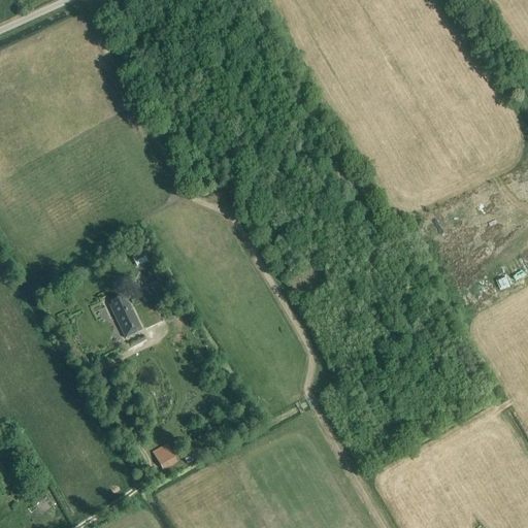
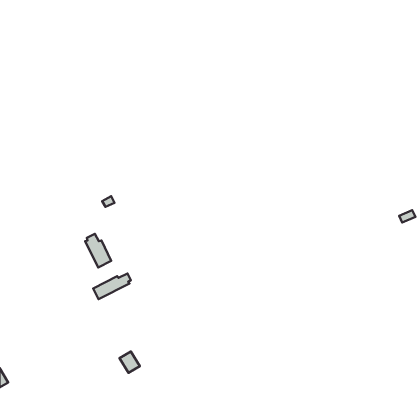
building: none -> [93,274,131,299]

